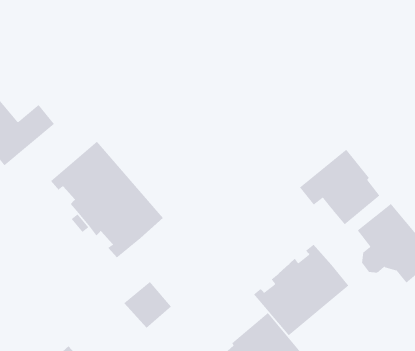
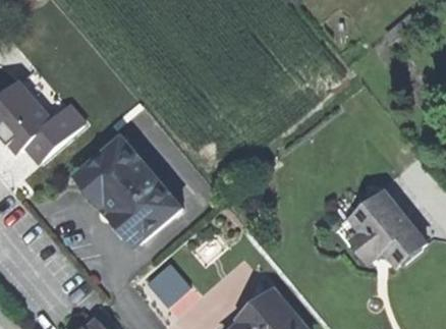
building: [299,149,380,225] -> none
building: [253,244,349,336] -> none

